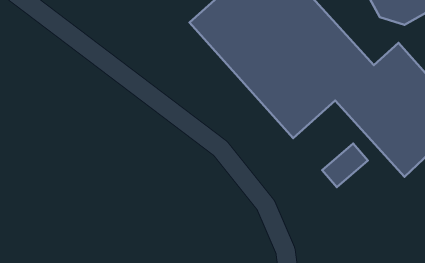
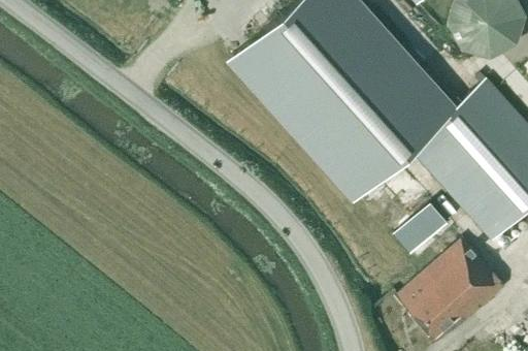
building: none -> [399,237,505,339]

